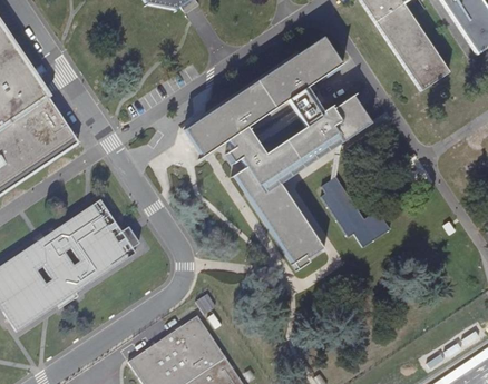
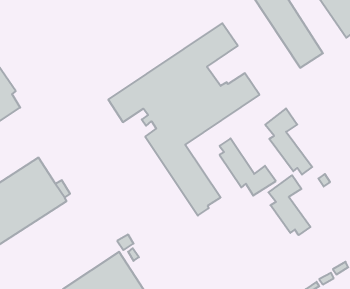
building: none -> [265,108,312,175]
building: none -> [268,175,310,235]

